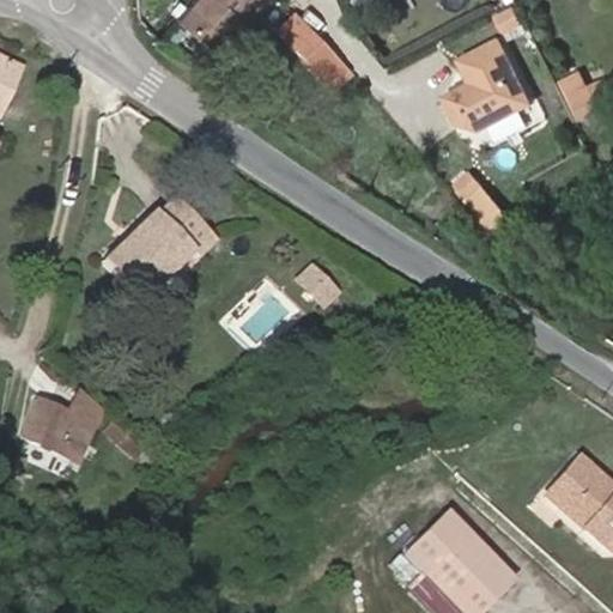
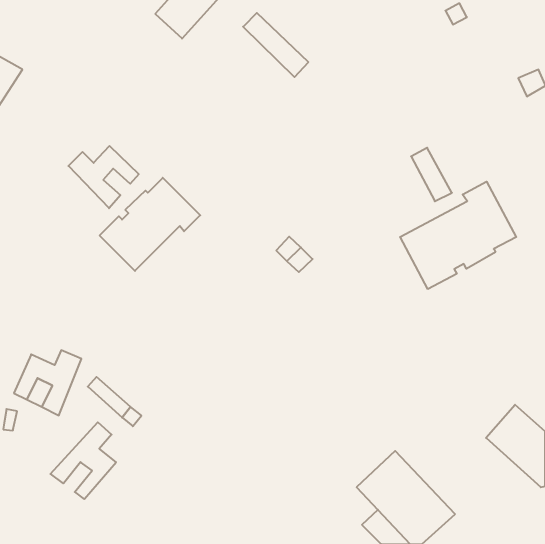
building: [450,37,535,125] -> none
building: none -> [68,146,139,208]
building: none -> [400,182,516,289]
building: none -> [50,422,116,499]

